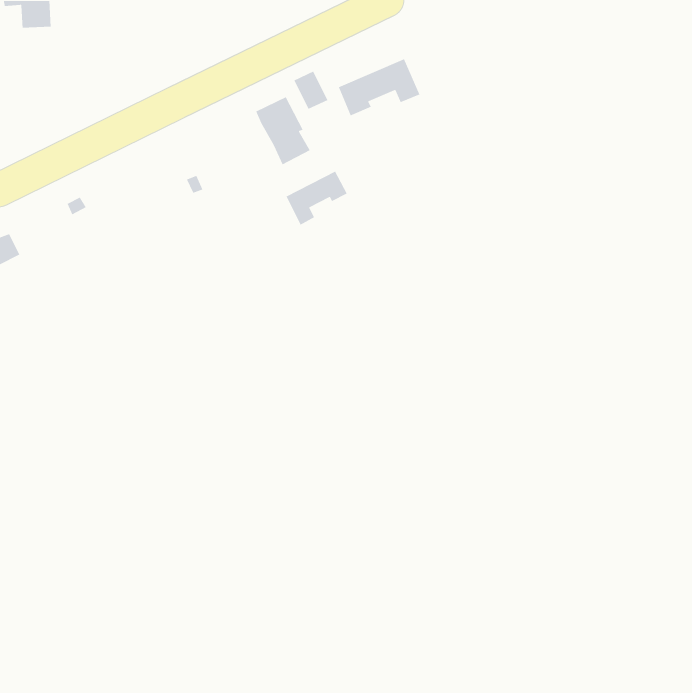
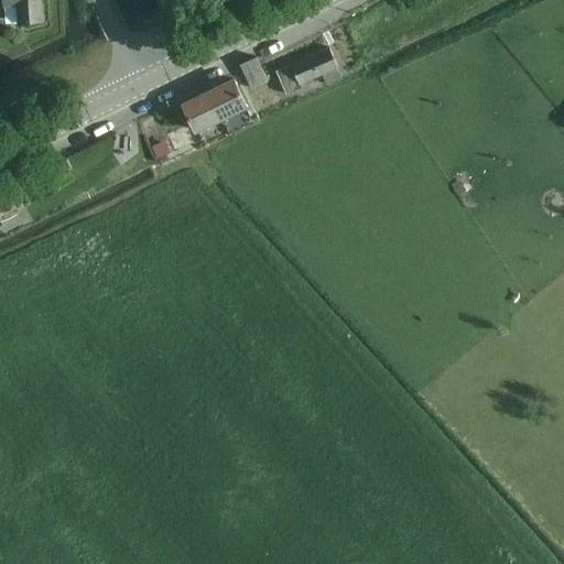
building: none -> [182,90,221,131]
building: [285,171,348,226] -> none

